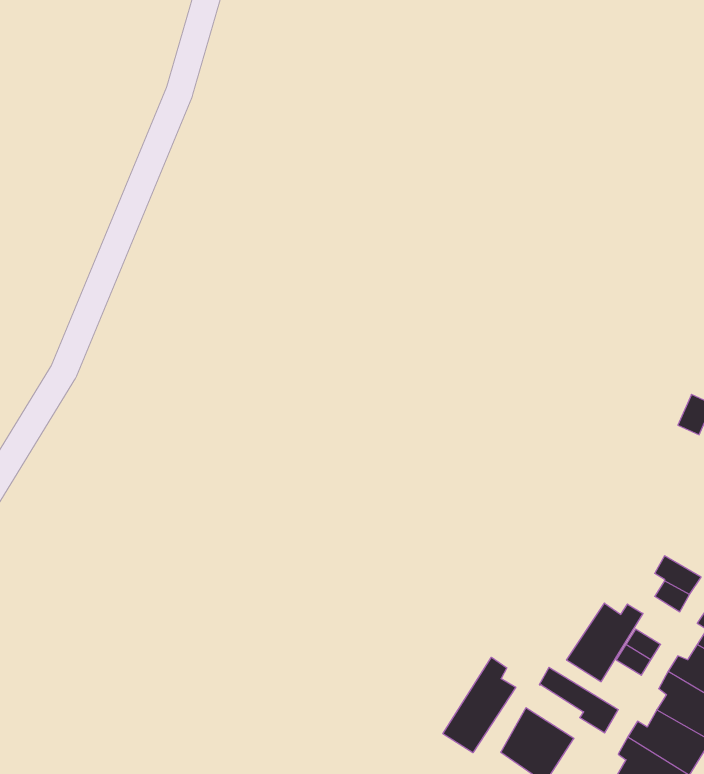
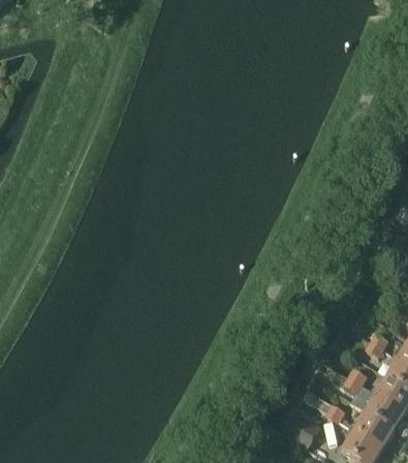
building: [567,603,643,682] -> none
building: [443,657,516,753] -> none

